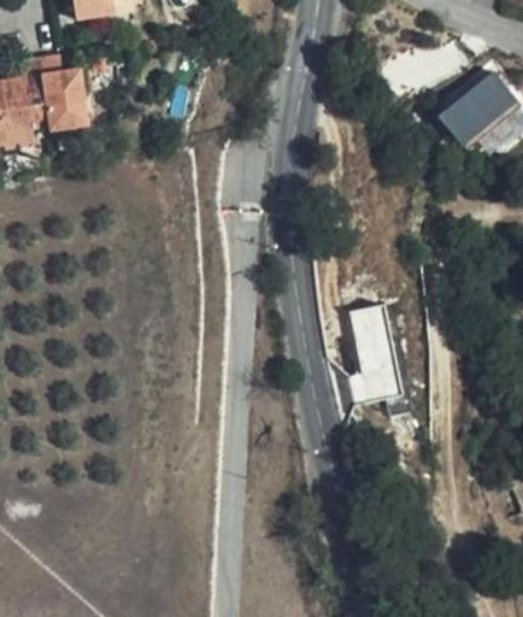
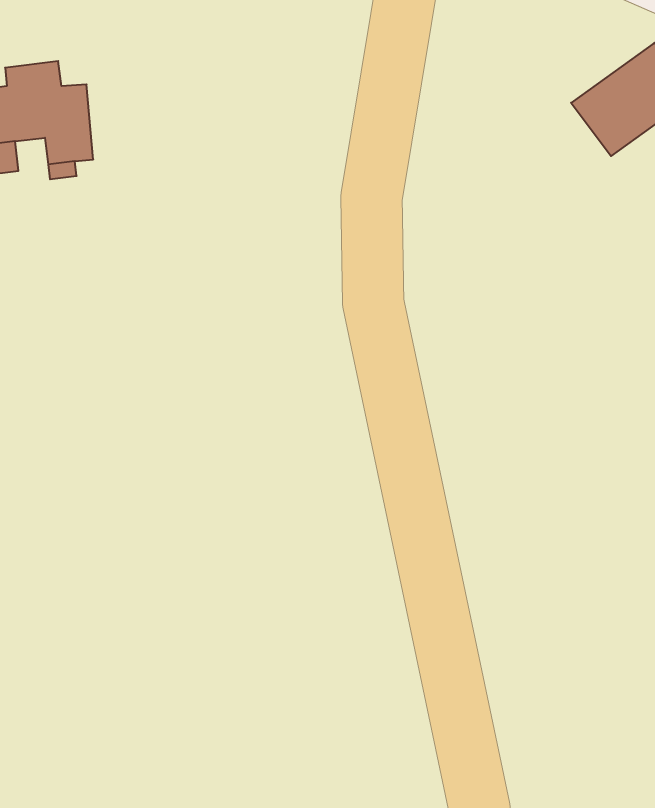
building: [343,300,406,399] -> none

